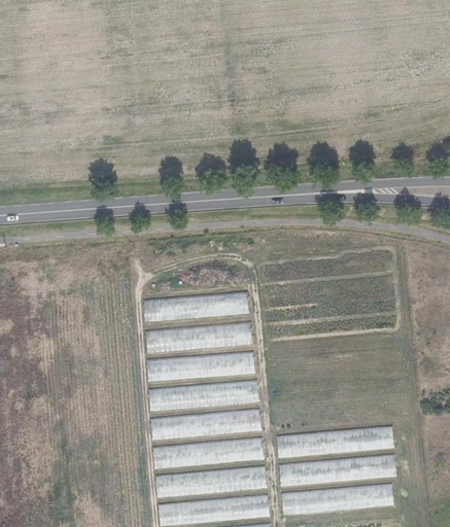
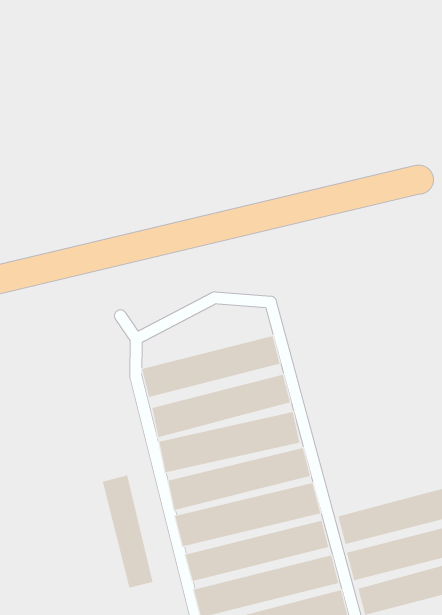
building: none -> [102,475,153,589]

